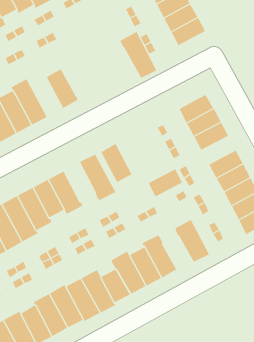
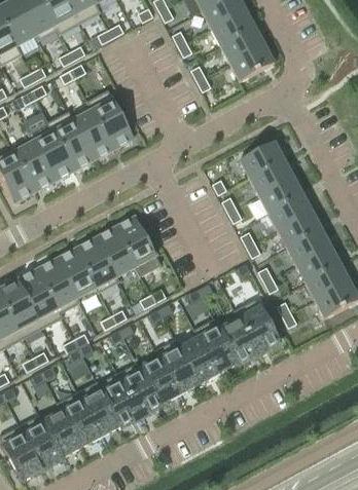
building: [120,31,157,79] -> [86,89,134,149]
building: none -> [48,111,94,171]
building: [100,143,132,183] -> [95,227,135,277]
building: [148,169,183,197] -> [267,194,312,230]
building: none -> [219,319,258,365]

